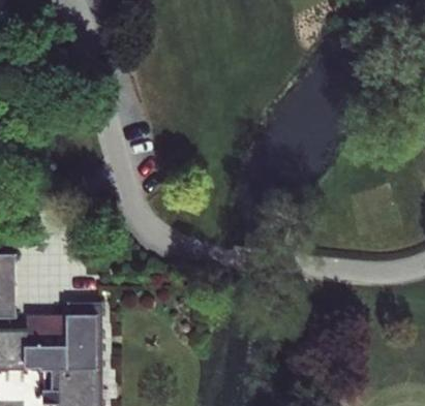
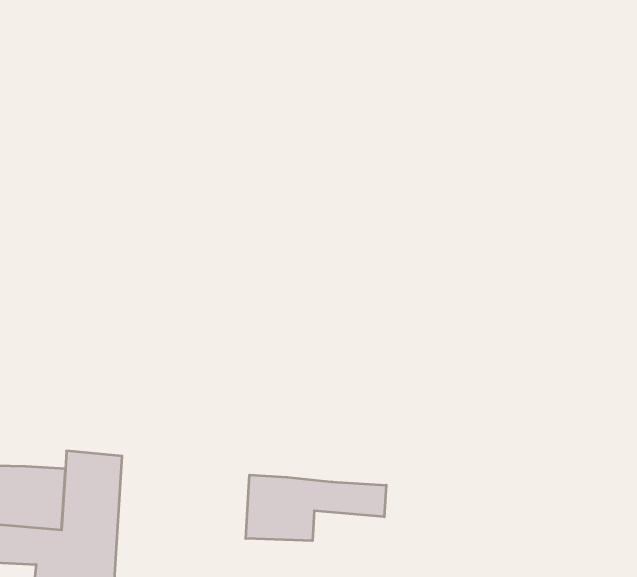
building: none -> [246,475,386,541]

